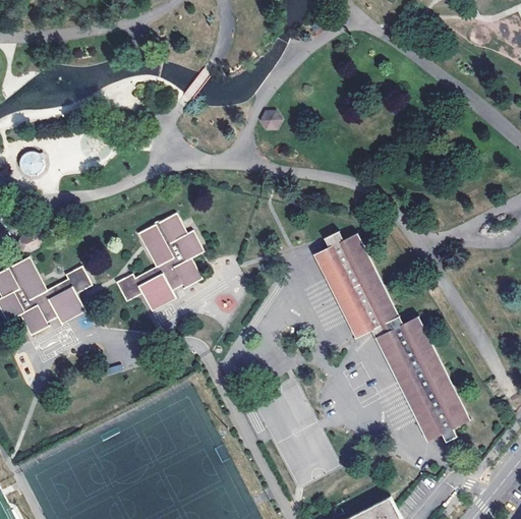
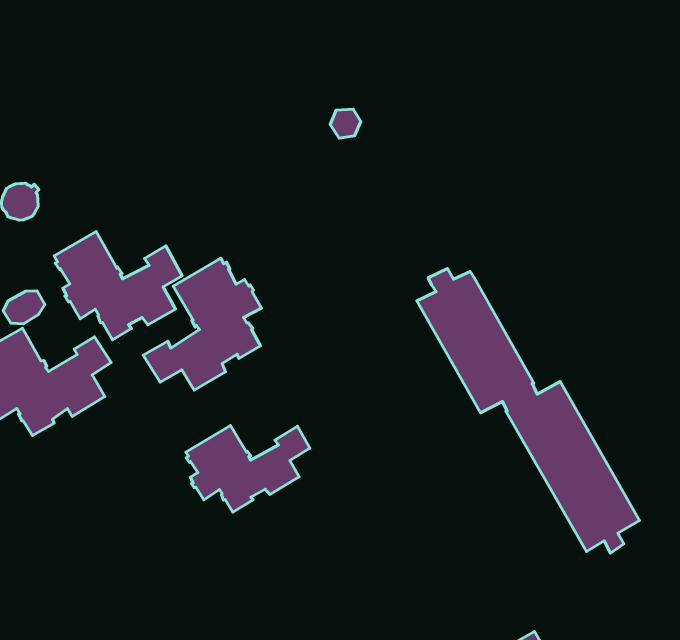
building: none -> [54,232,182,340]
building: none -> [186,425,310,512]

